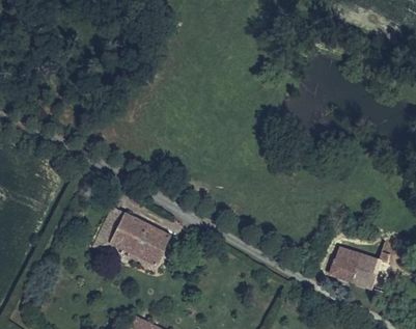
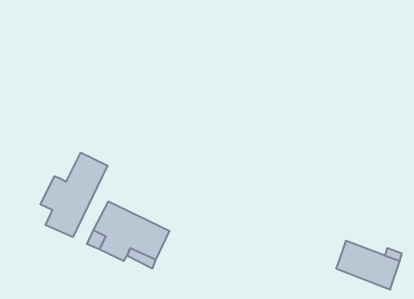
building: none -> [41,153,107,237]

